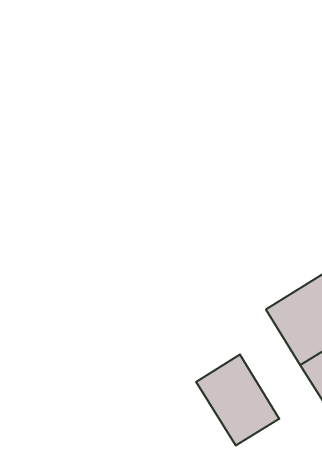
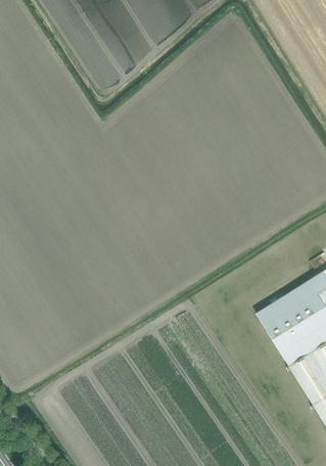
building: [196,354,279,446] -> none

